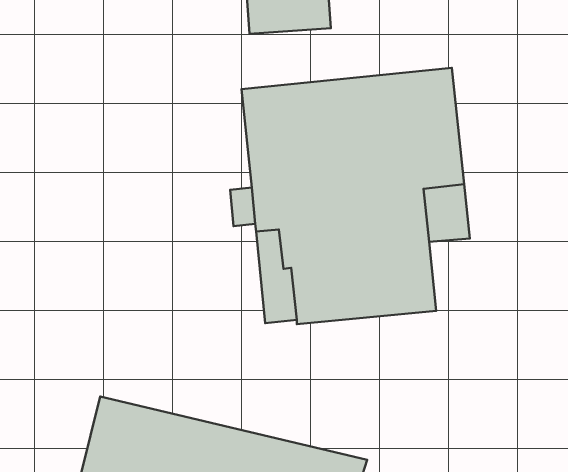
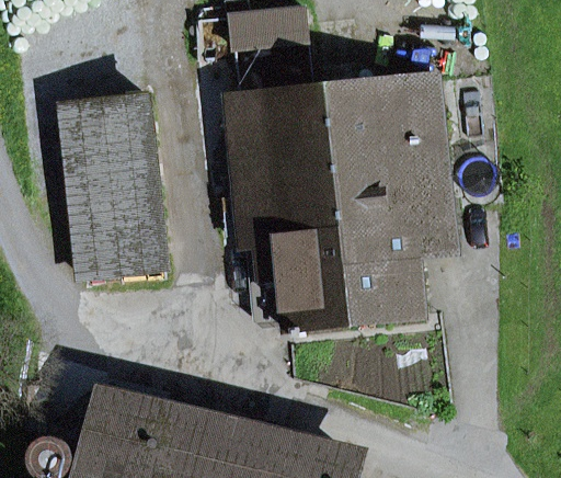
building: none -> [66,94,163,272]

